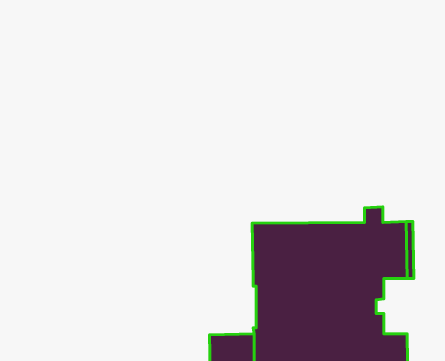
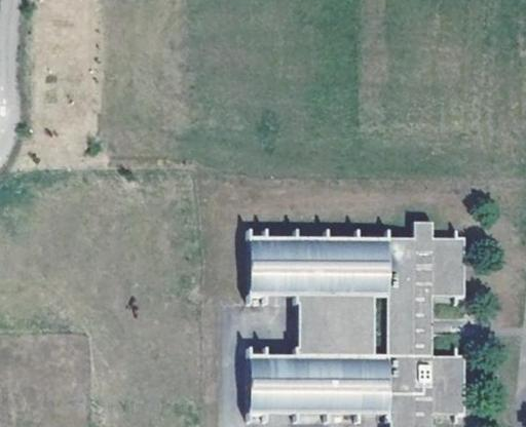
building: none -> [248,239,295,299]

